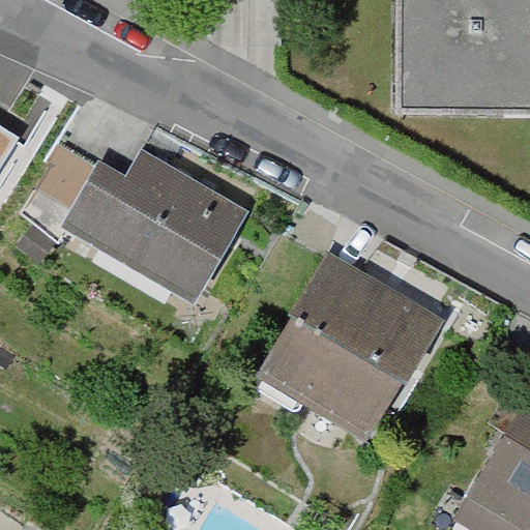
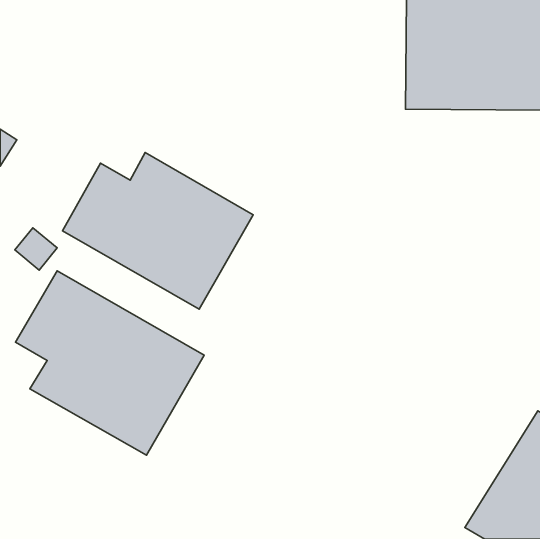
building: [258,254,441,437] -> none
building: none -> [15,271,204,455]

